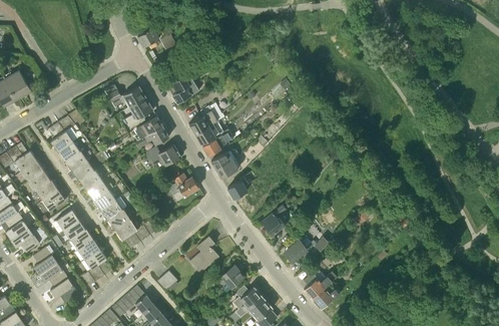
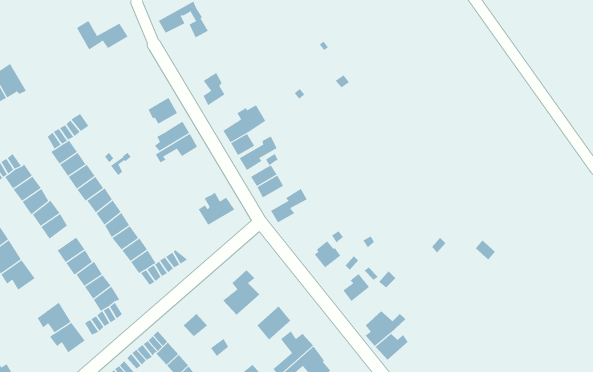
building: [104,84,146,108] -> [76,20,129,50]
building: [145,144,181,167] -> none
building: [33,247,58,275] -> none

